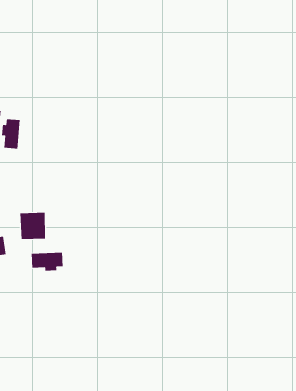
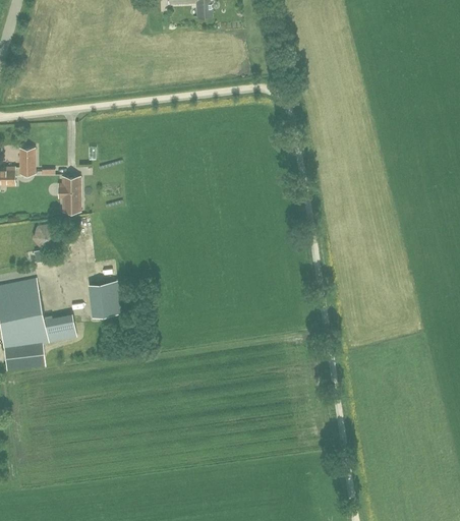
building: [31,252,63,271] -> none

